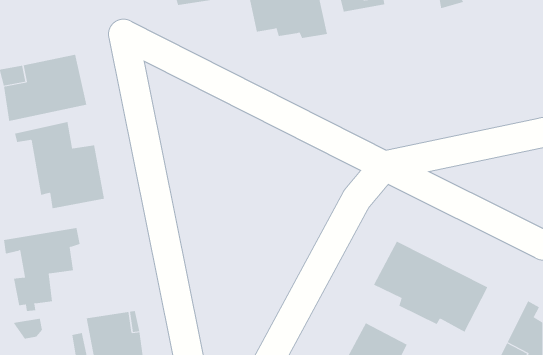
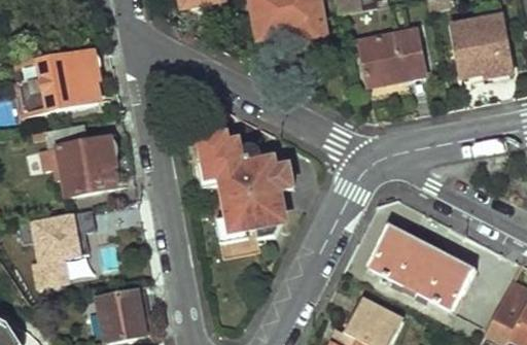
building: none -> [452,15,514,74]
building: none -> [360,29,426,81]
building: none -> [197,126,290,235]

